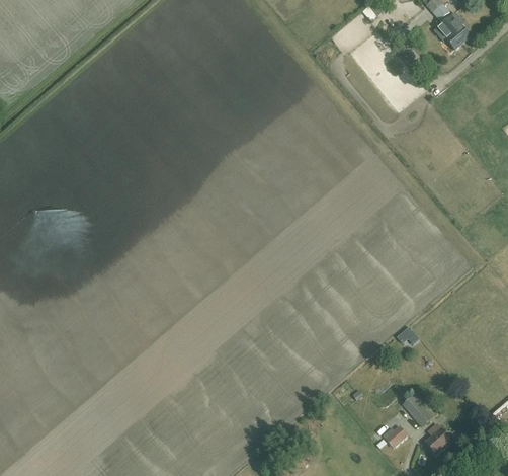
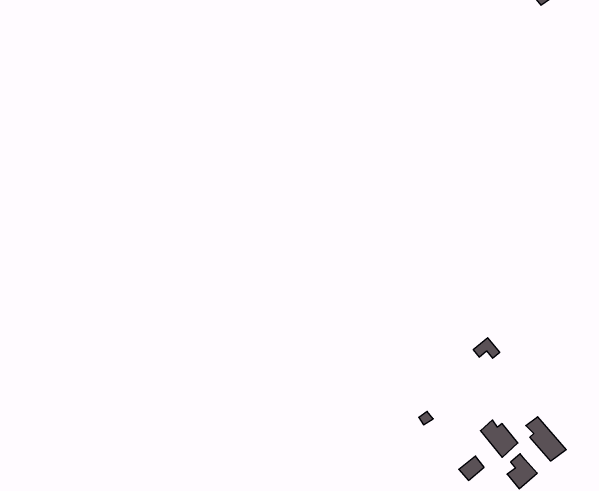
building: none -> [526,417,566,461]

